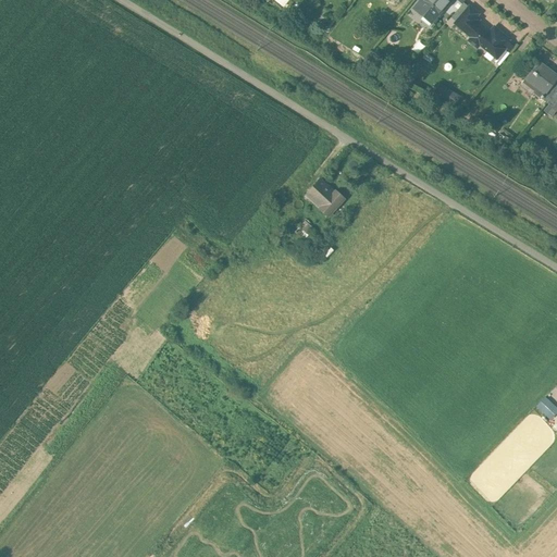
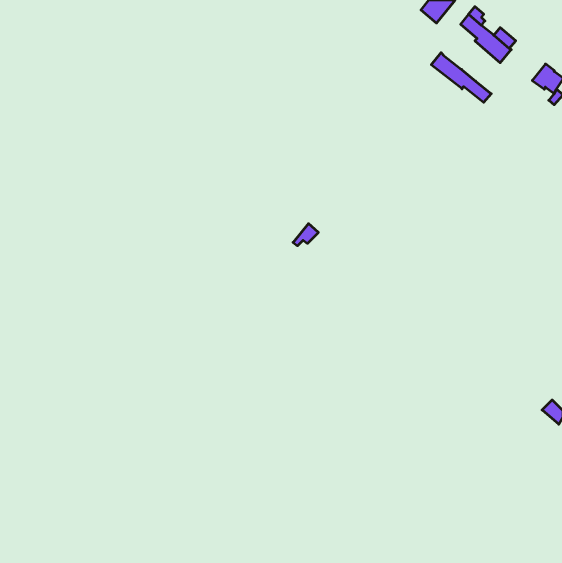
building: none -> [431,53,491,102]
building: [308,180,345,216] -> none

